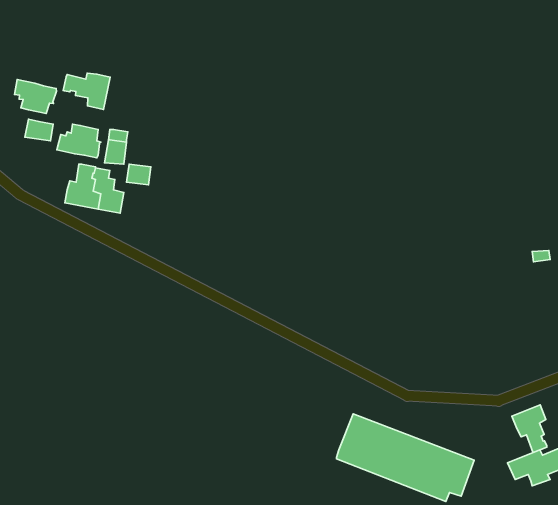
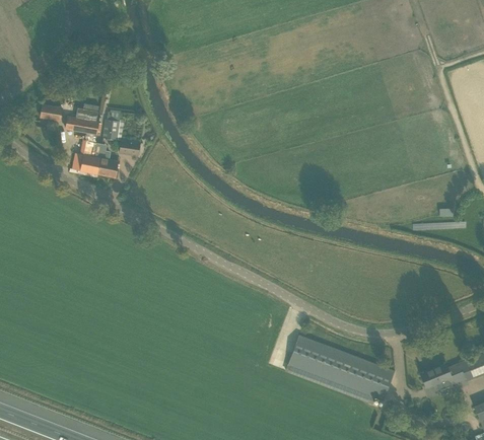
building: [63,73,110,109] -> none
building: [14,80,56,114] -> none
building: [512,405,547,452] -> none

